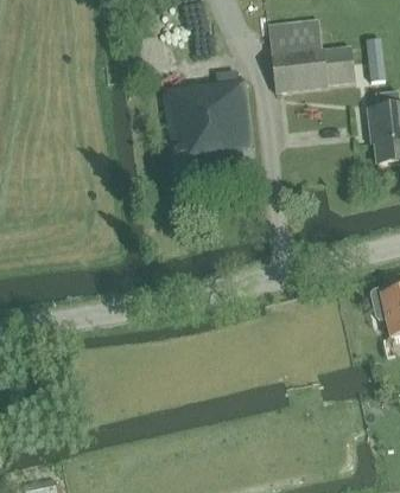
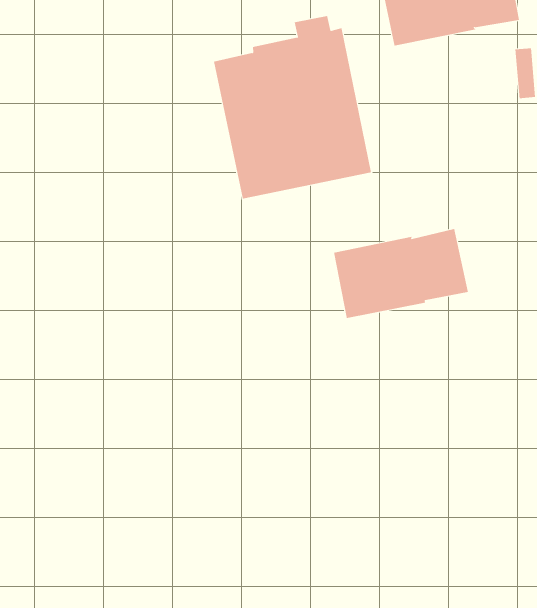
building: none -> [333,228,469,319]

